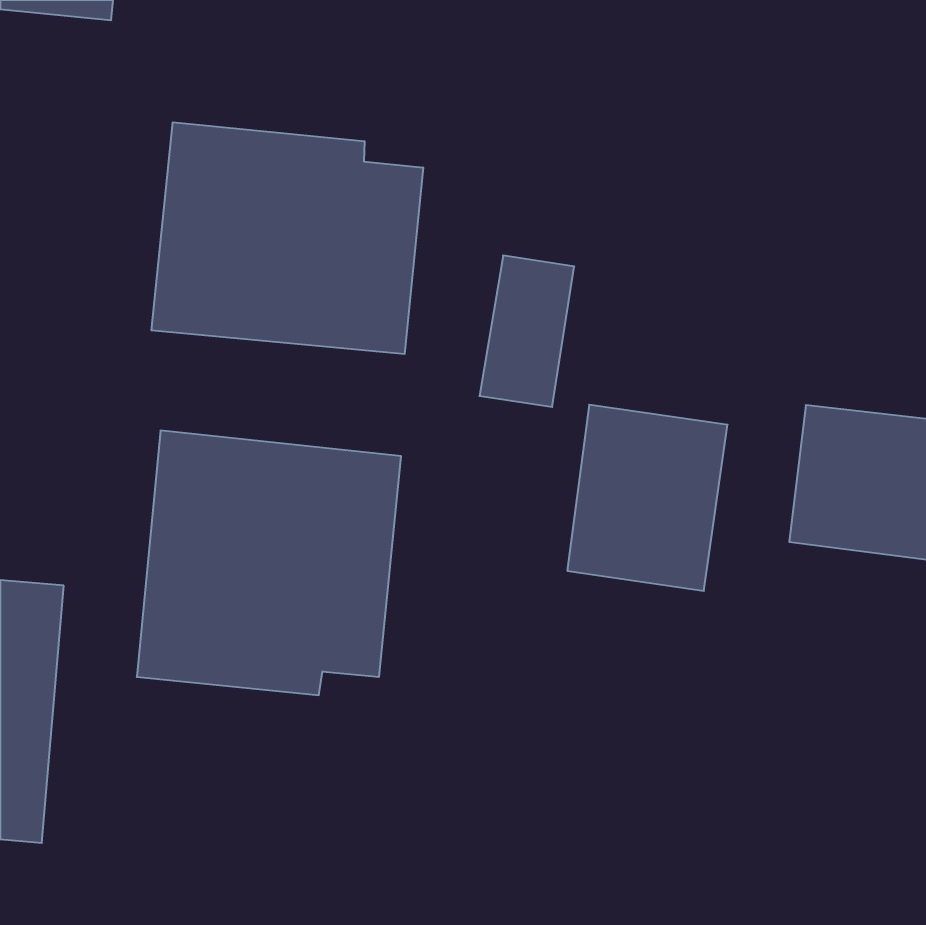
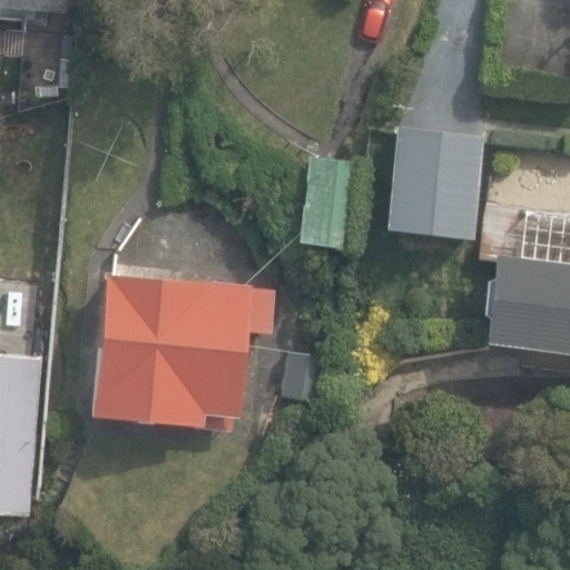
building: [151,122,423,354] -> none
building: [567,405,728,591] -> [389,128,487,242]

